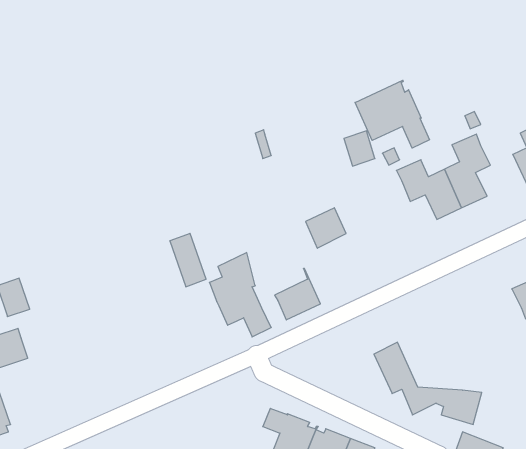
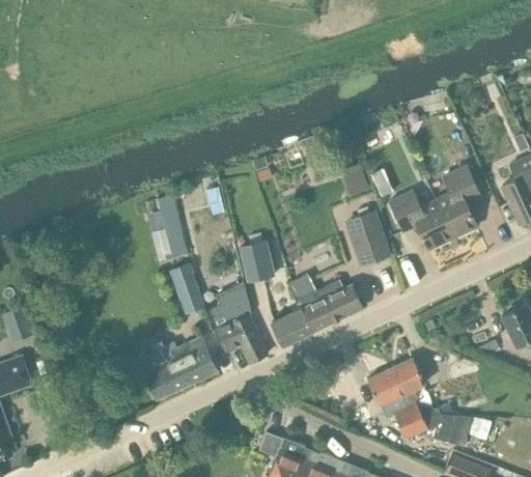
building: [355,80,429,148] -> none
building: none -> [144,195,187,261]
building: none -> [352,213,388,264]
building: none -> [243,243,277,282]
building: none -> [292,275,362,331]
building: none -> [137,337,217,399]
building: none -> [390,358,453,415]

